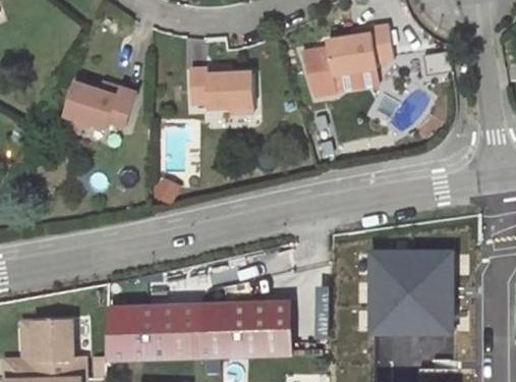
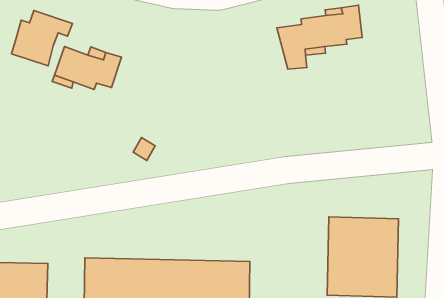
building: none -> [11,11,73,66]
building: [192,66,256,106] -> none

